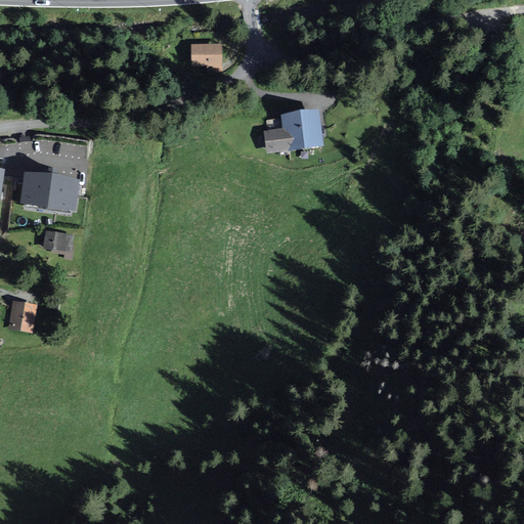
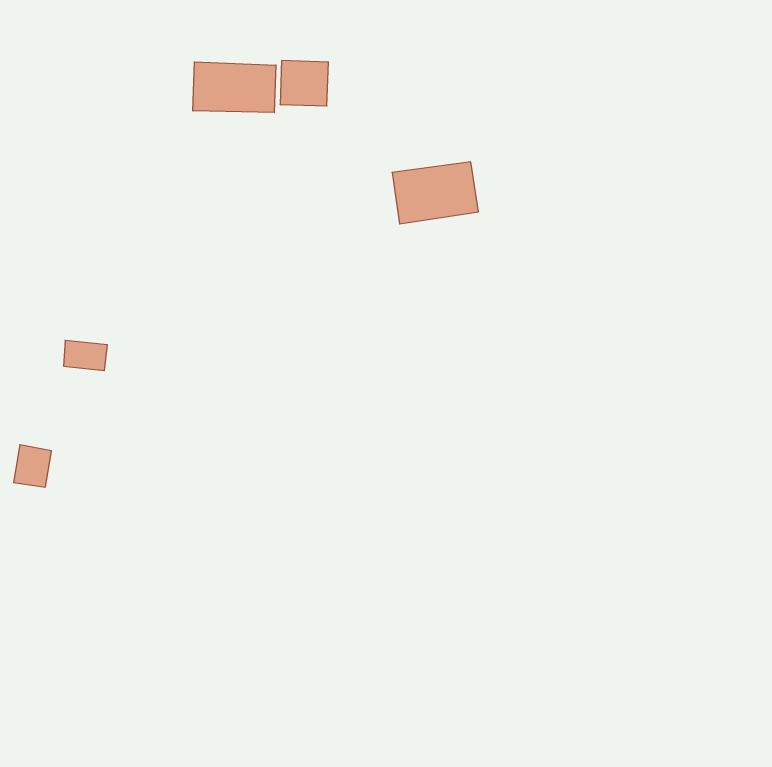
building: none -> [193,62,276,113]
building: [20,176,78,212] -> none

